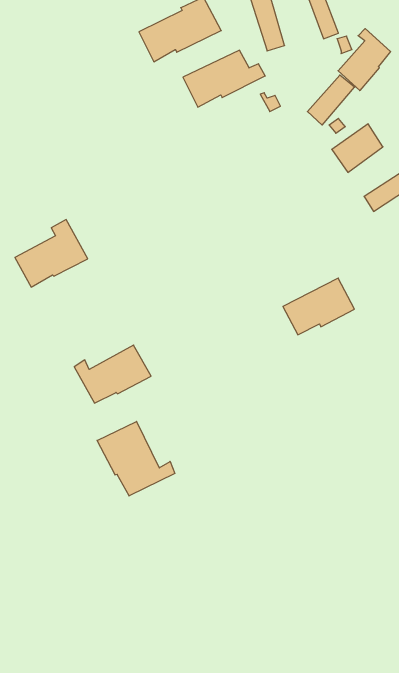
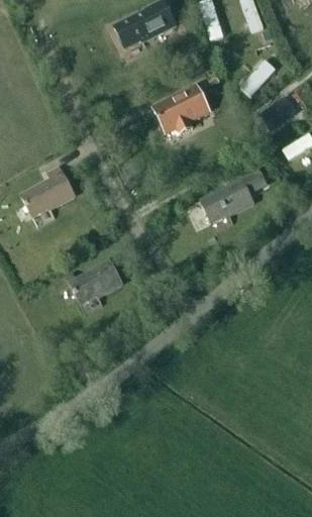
building: [338,29,391,91] -> none
building: [183,50,265,107] -> [154,87,216,129]
building: [283,278,354,335] -> [201,179,254,221]
building: [97,421,175,496] -> none

